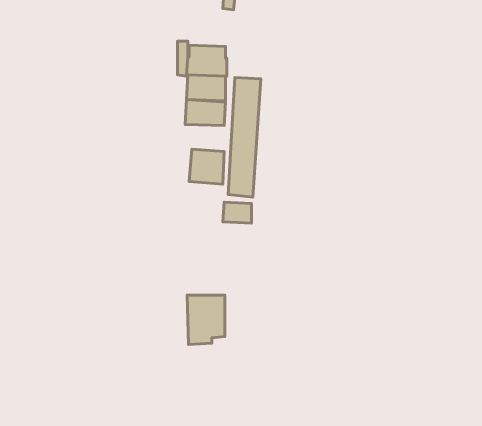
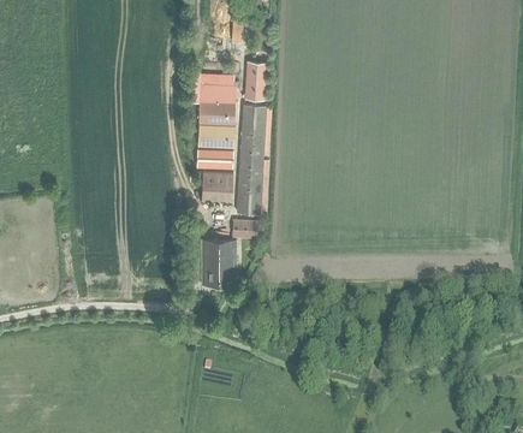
building: none -> [245,60,267,100]
building: none -> [196,149,234,168]
building: [187,295,225,344] -> [201,239,236,285]

